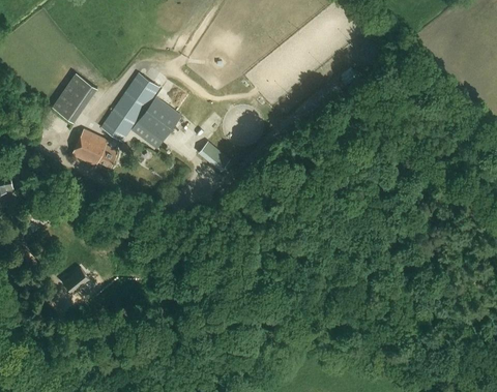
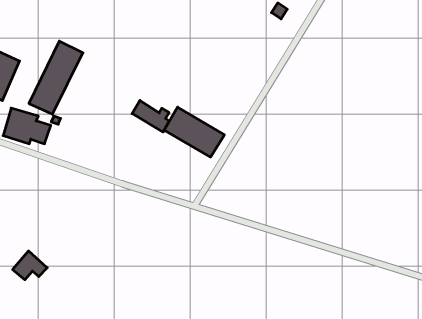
building: [130,97,180,149] -> none
building: none -> [164,107,224,157]

